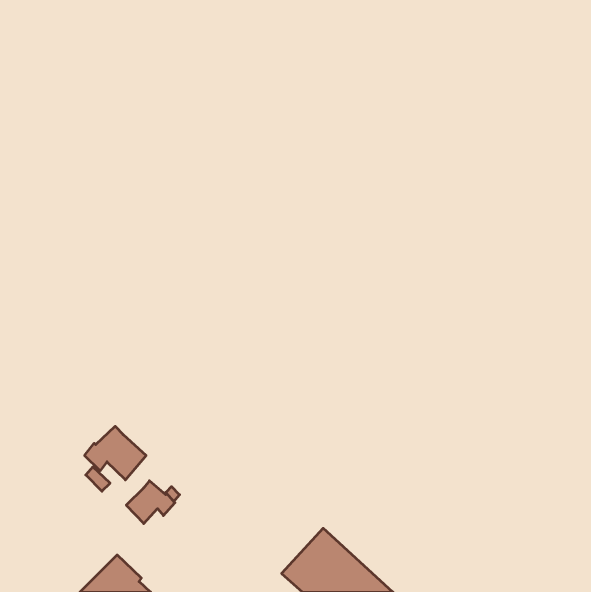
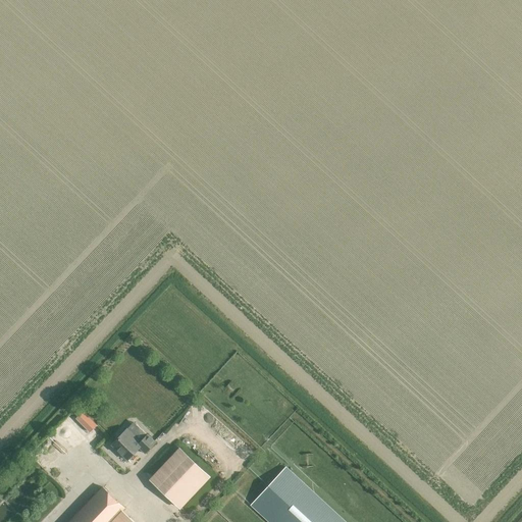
building: [85,426,146,480] -> none
building: none -> [149,449,208,508]

